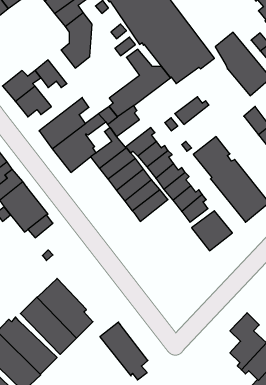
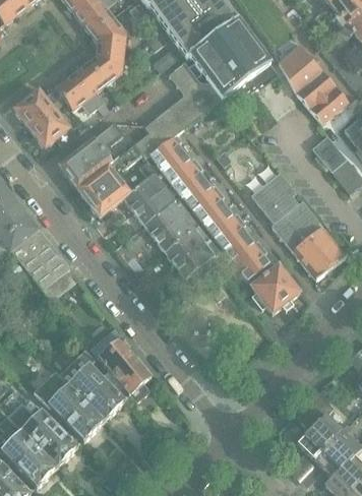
building: none -> [70,64,110,113]
building: [175,97,209,124] -> [156,150,198,185]
building: [100,322,148,380] -> [90,330,150,402]

